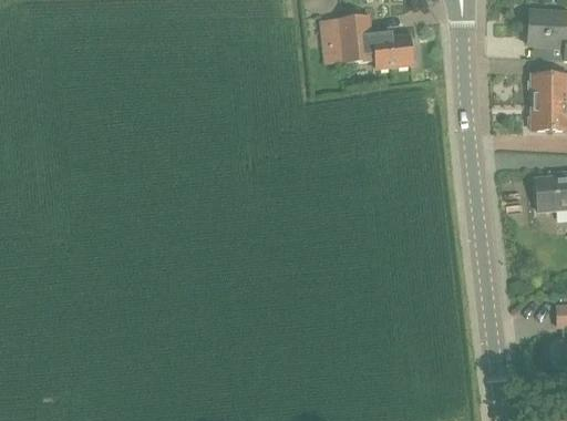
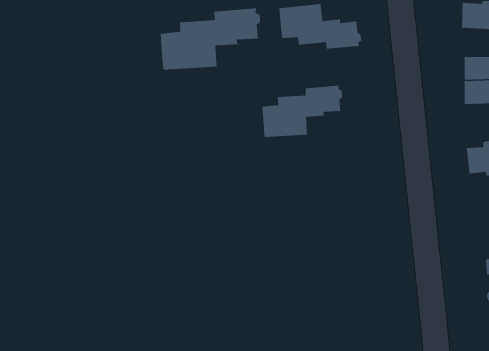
building: none -> [160,8,261,71]
building: none -> [261,85,343,138]

